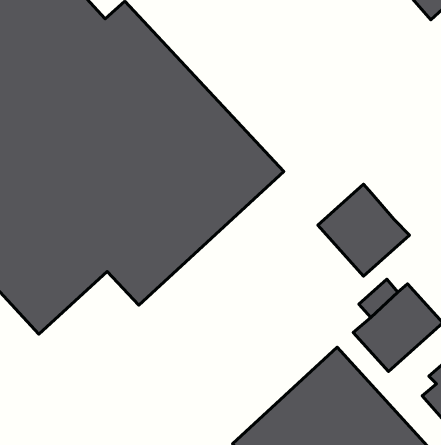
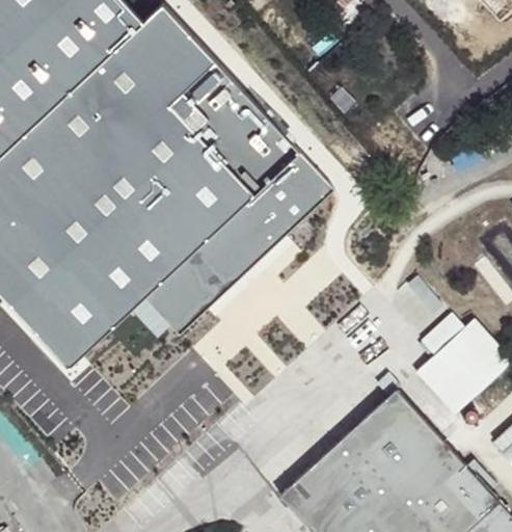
building: [318,184,409,276] -> none

